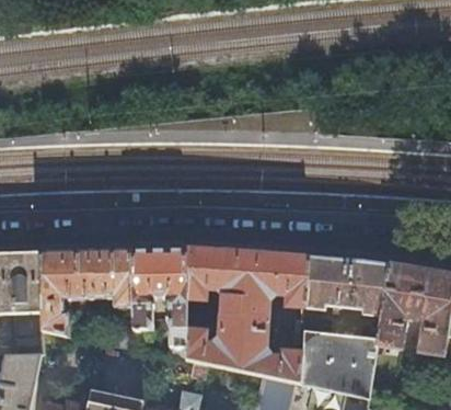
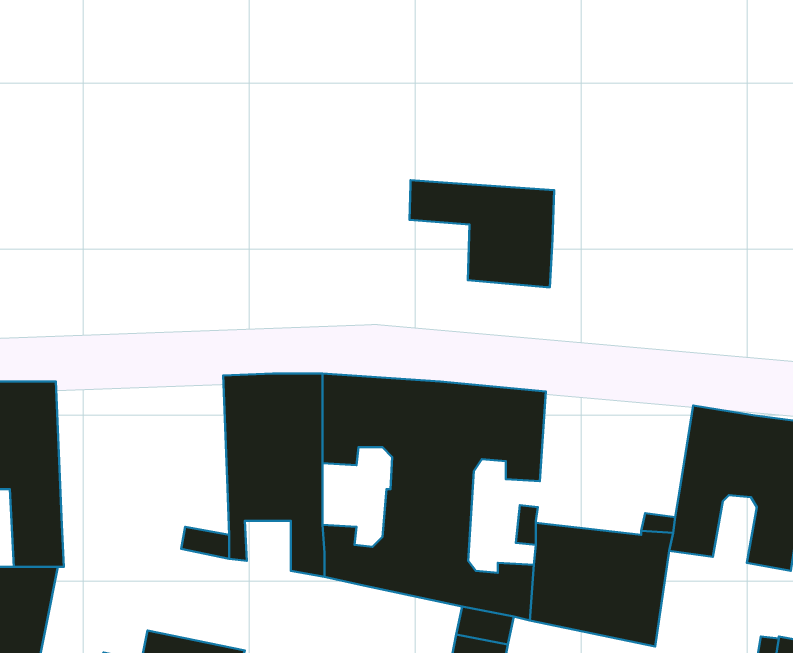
building: none -> [409,180,554,287]
building: [41,249,135,337] -> none
building: [307,258,391,314] -> none

